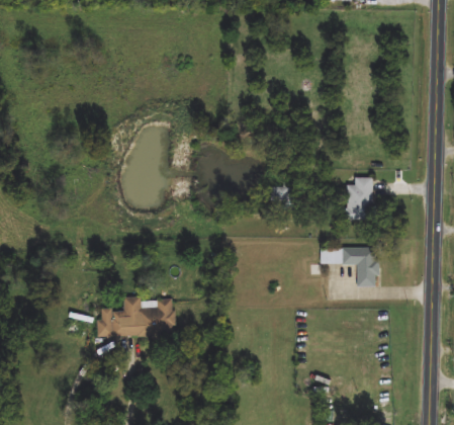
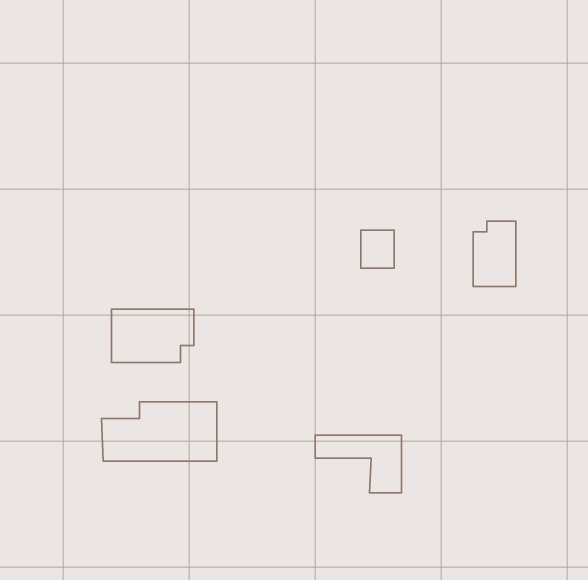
building: none -> [112,309,194,363]
building: [321,248,378,286] -> [315,435,402,493]

